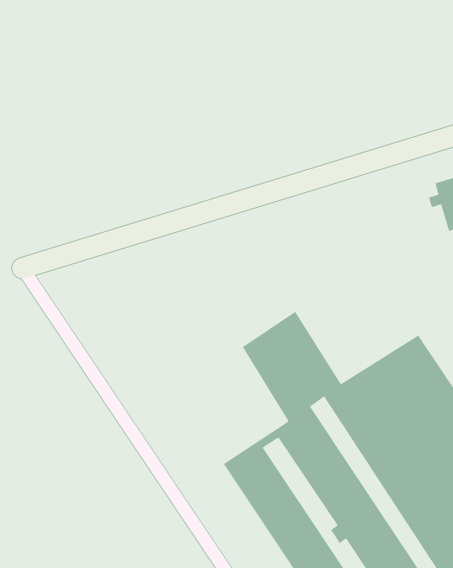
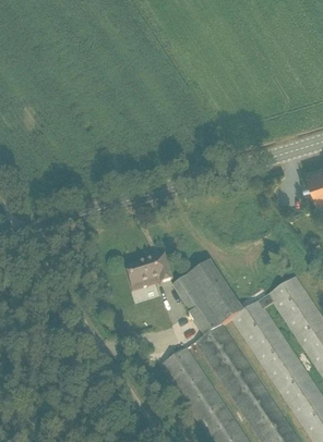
building: none -> [123,256,170,292]

